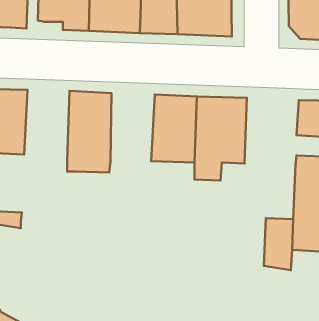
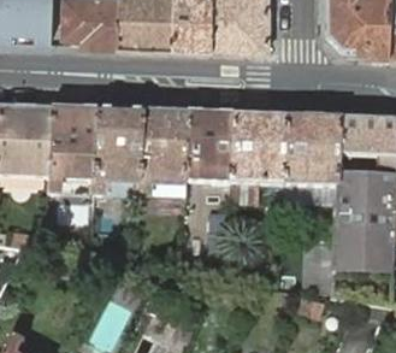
building: none -> [49,106,97,190]
building: none -> [140,110,188,196]
building: none -> [283,114,341,186]

